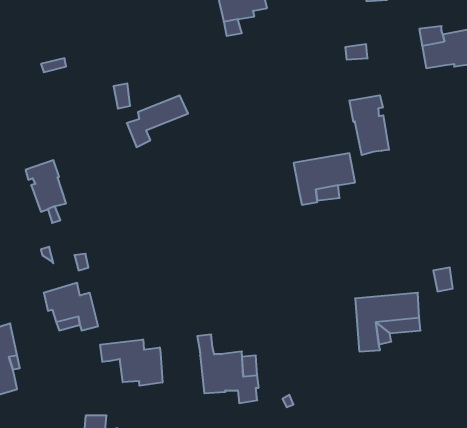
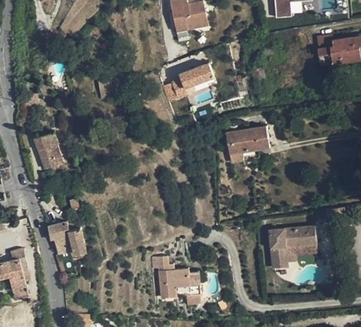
building: [350,95,389,155] -> none
building: [127,95,188,147] -> [169,63,213,100]
building: [100,339,162,386] -> none

